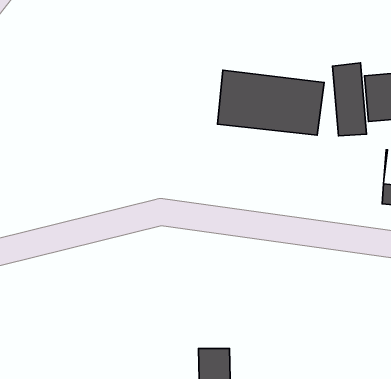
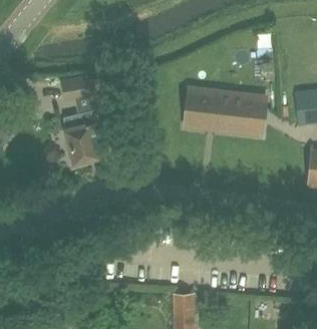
building: none -> [62,76,107,167]
building: [333,63,366,136] -> none

